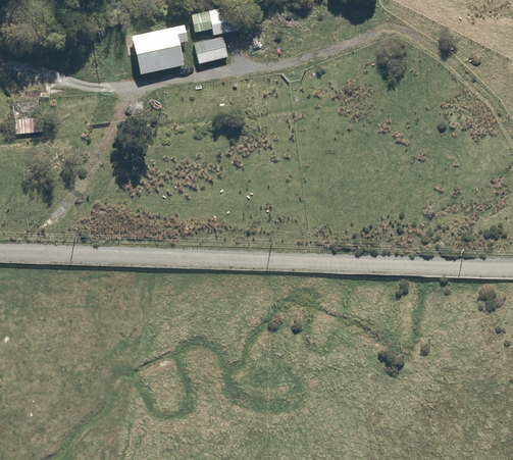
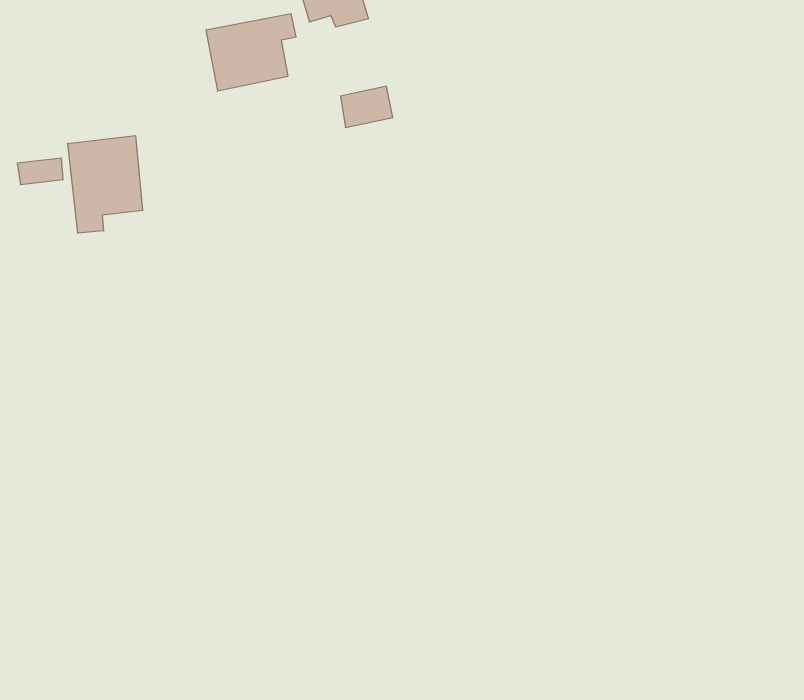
building: [195,36,227,61] -> [340,86,393,127]
building: none -> [68,136,143,233]

